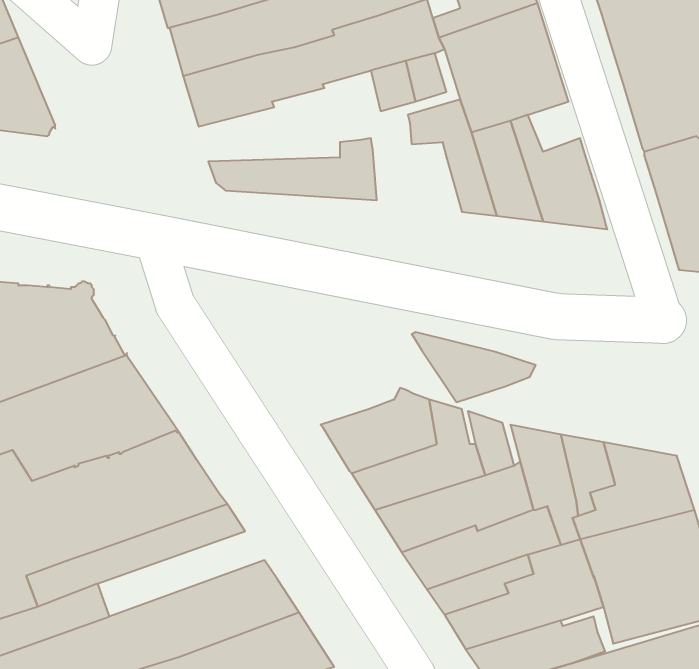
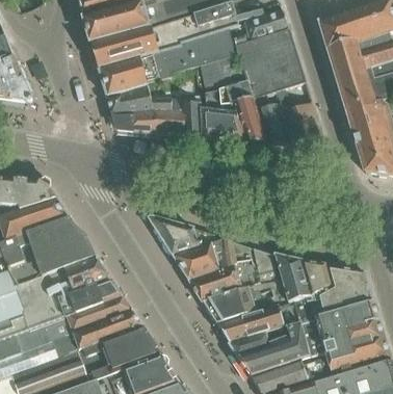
building: none -> [107,84,193,113]
building: none -> [201,88,248,140]
building: [412,332,536,402] -> [149,217,215,255]
building: none -> [53,312,142,358]

